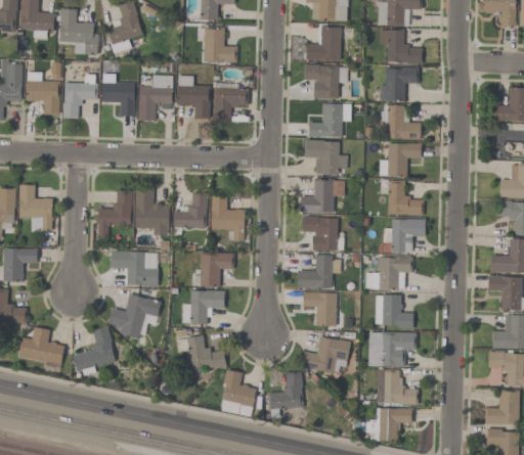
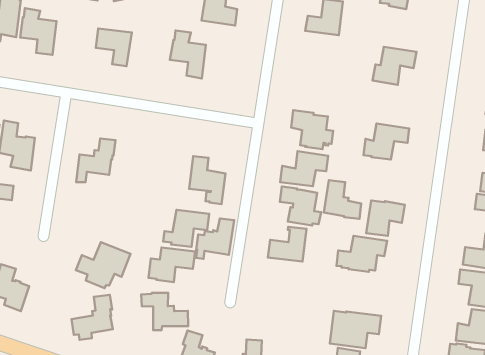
building: [379,31,422,64] -> none
building: [303,64,347,99] -> none
building: [138,76,172,121] -> none
building: [62,83,97,119] -> none
building: [213,84,248,124] -> none
building: [308,104,351,137] -> none
building: [380,105,421,140] -> none
building: [387,181,423,216] -> [324,180,361,219]
building: [135,188,169,236] -> none
building: [173,193,207,235] -> [196,218,234,259]
building: [110,251,159,286] -> none
building: [302,292,338,327] -> none
building: [375,294,412,329] -> none
building: [73,327,115,375] -> [72,295,113,340]
building: [301,336,350,375] -> none

